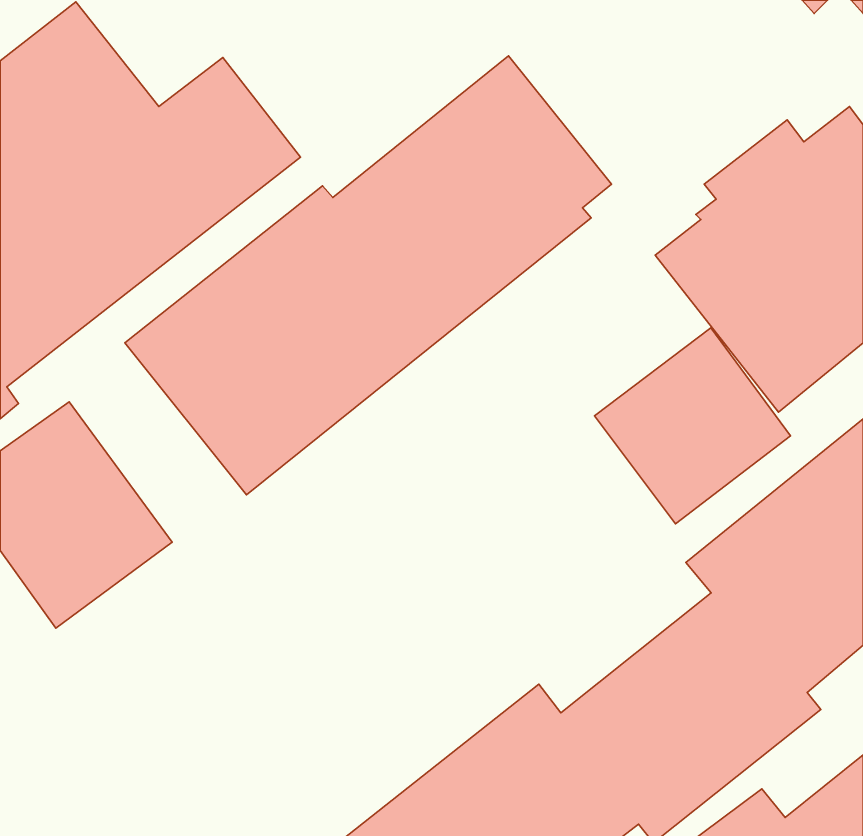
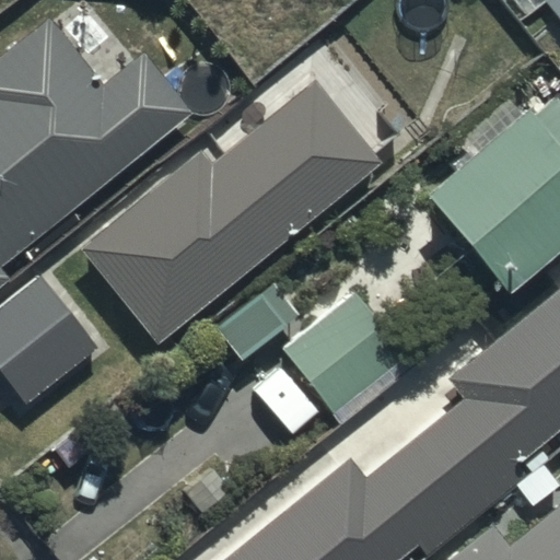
building: [594,328,790,524] -> [279,294,406,421]

